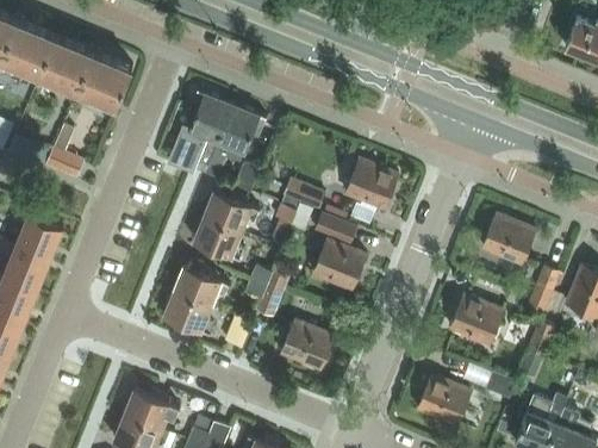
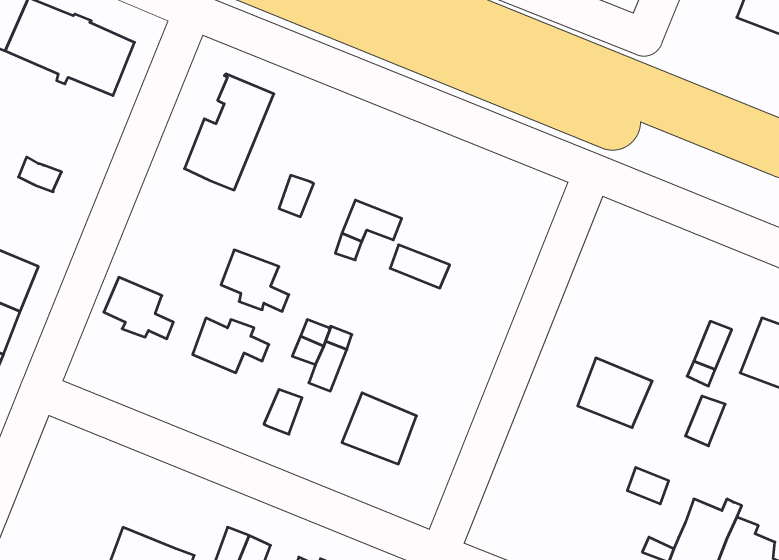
building: [203,105,266,180] -> none
building: [344,160,398,210] -> none
building: [203,192,257,229] -> none
building: [481,214,534,265] -> none
building: [312,239,366,290] -> none
building: [162,292,212,336] -> [104,277,173,339]
building: [417,375,471,425] -> none
building: [123,391,177,431] -> none

